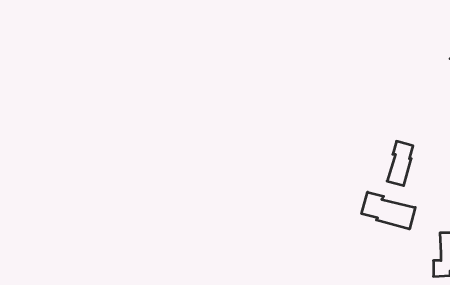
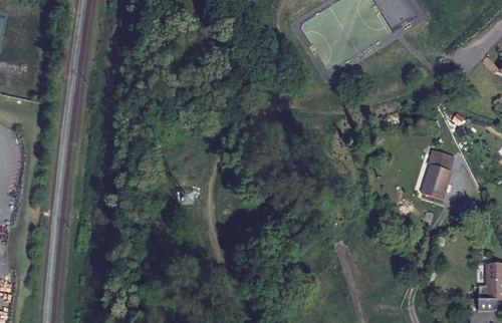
building: [362,192,415,229] -> none

